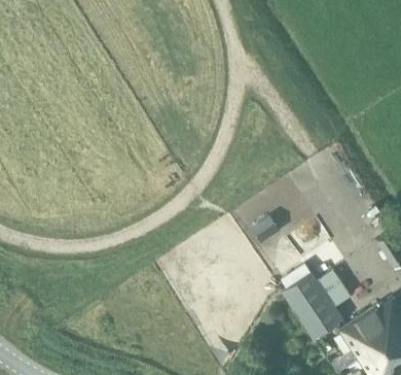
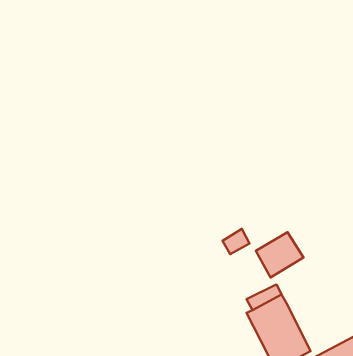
building: [316,268,350,306] -> none

